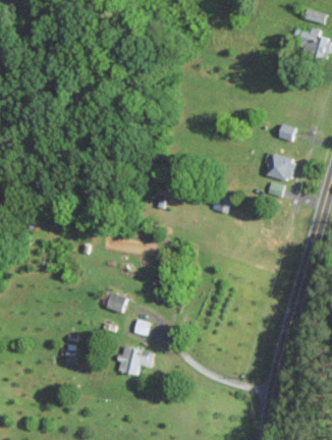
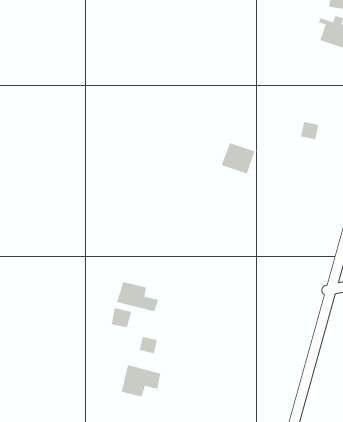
building: [266,154,297,183] -> [221,142,255,174]
building: none -> [116,281,159,312]

